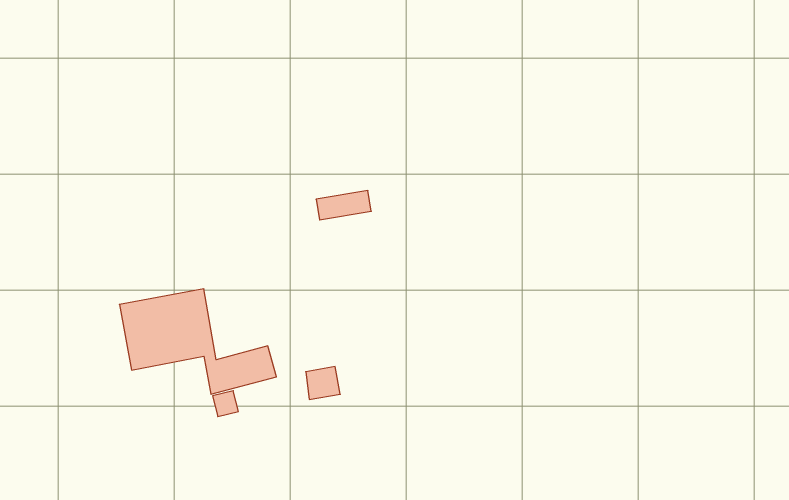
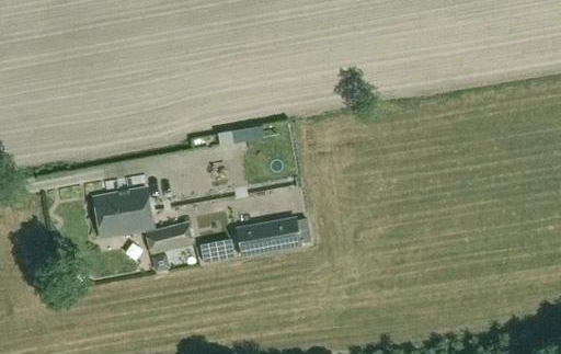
building: none -> [234,214,310,255]

